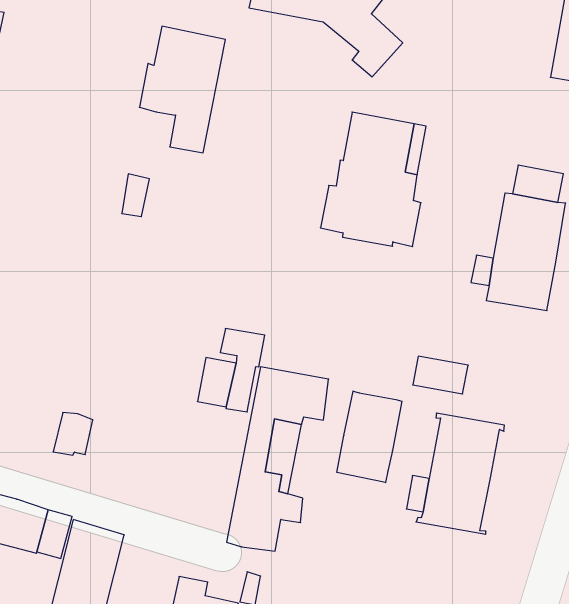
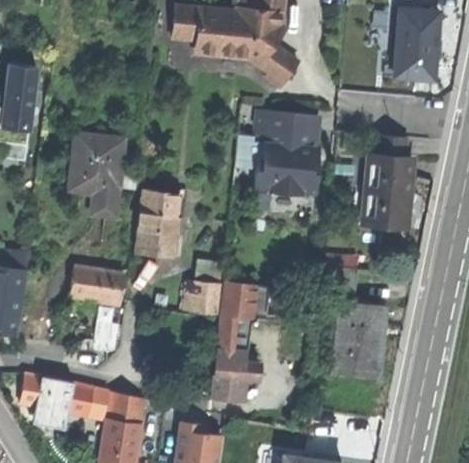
building: [139,26,225,153] -> [72,137,124,217]
building: none -> [136,191,182,257]
building: none -> [69,265,123,305]
building: [337,391,402,483] -> none

